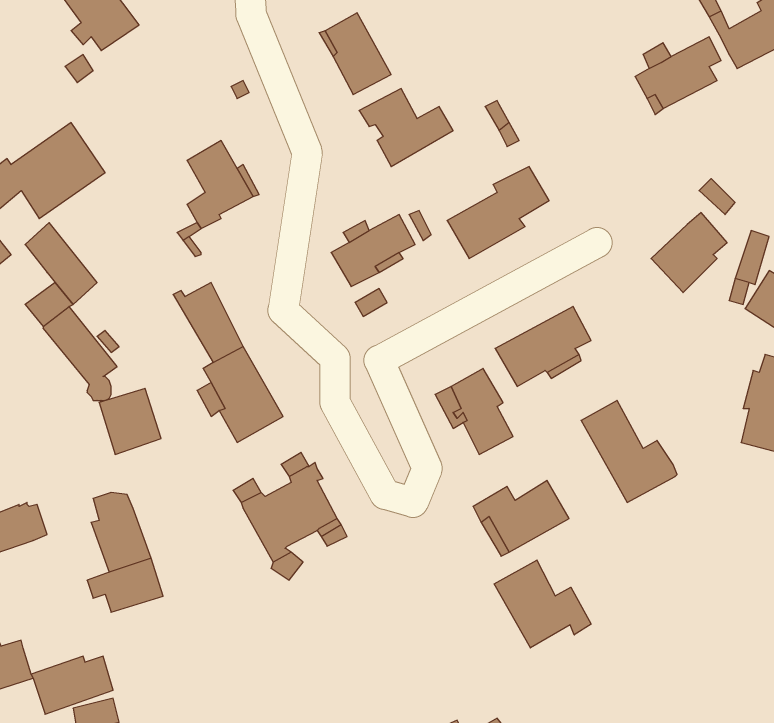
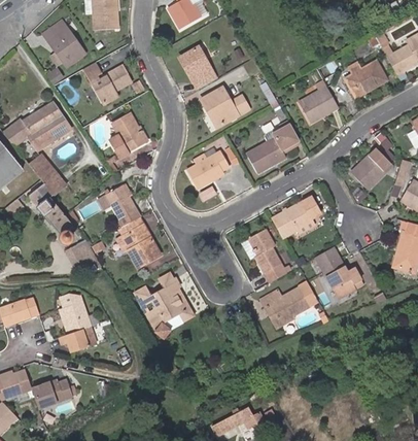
building: none -> [84,60,134,103]
building: none -> [297,80,337,123]
building: [494,560,591,648] -> none

